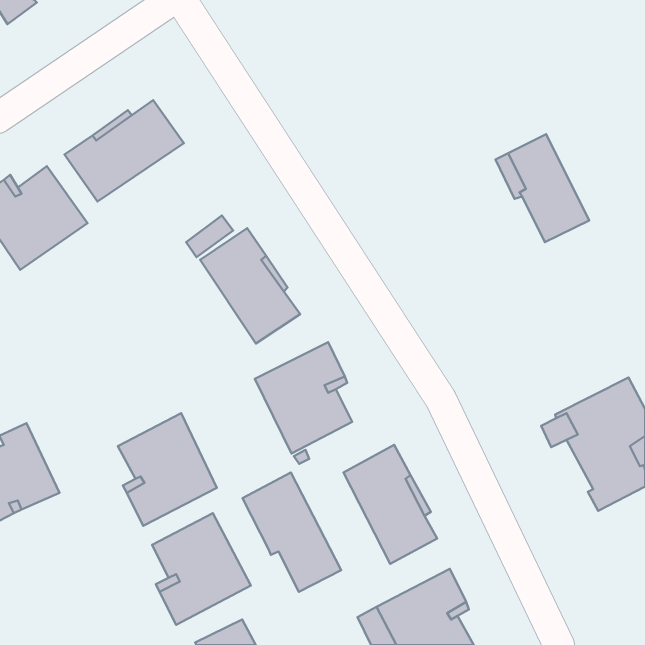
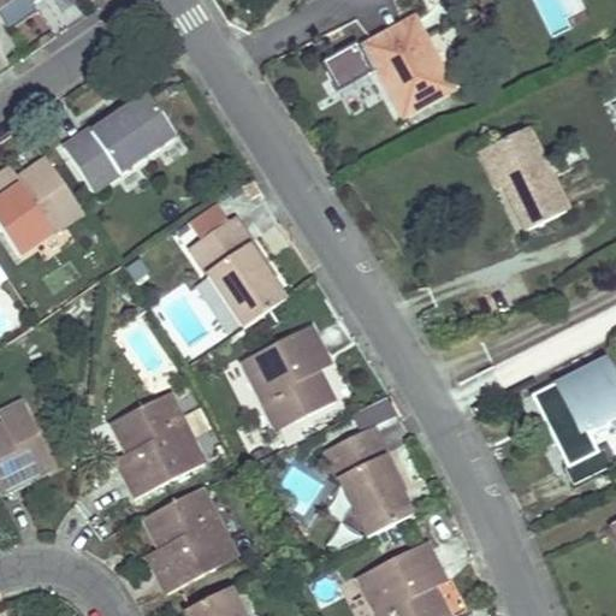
building: none -> [314,18,445,116]
building: [242,473,341,592] -> none

